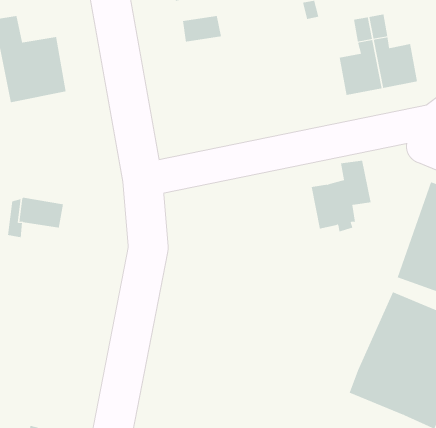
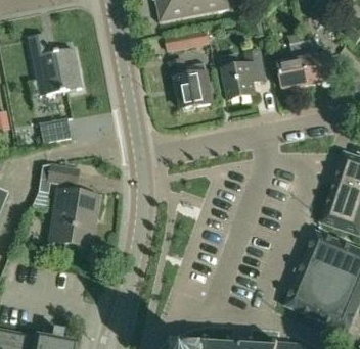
building: none -> [169,58,213,112]
building: none -> [41,117,71,141]
building: [311,160,371,232] -> [223,50,267,102]
building: none -> [49,190,97,245]

